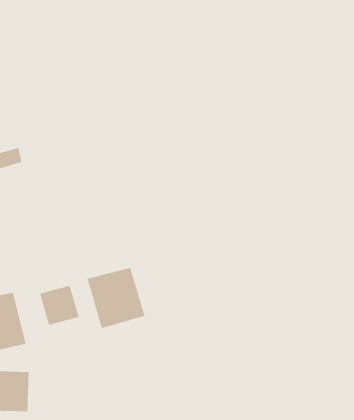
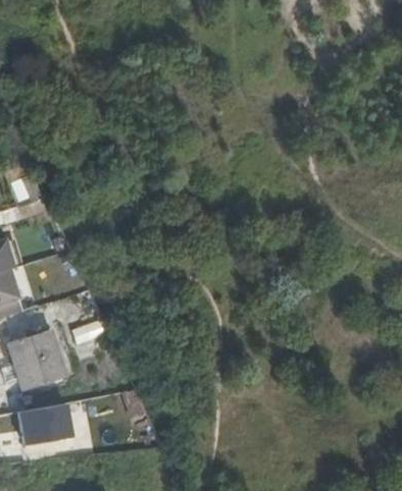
building: [87,267,145,329] -> none

